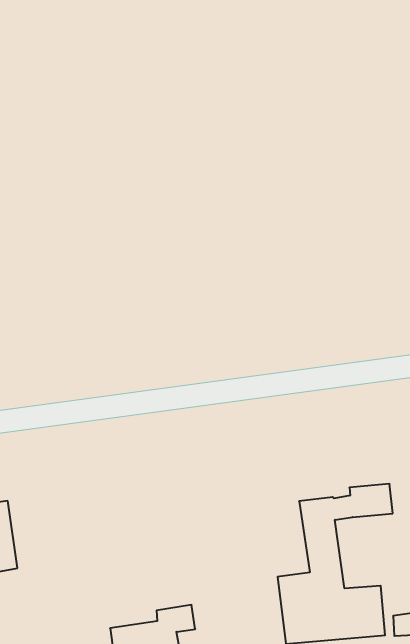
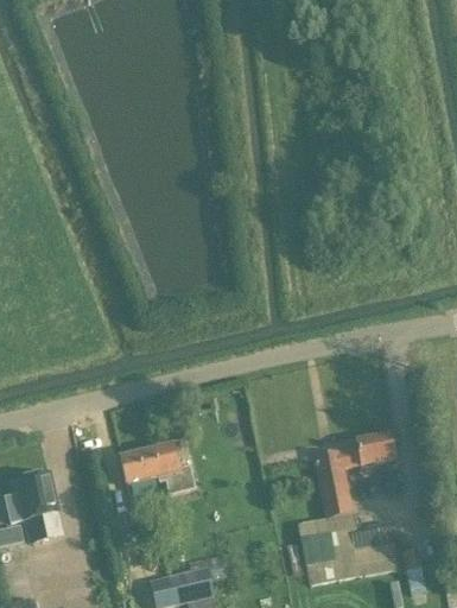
building: none -> [119,442,193,493]

